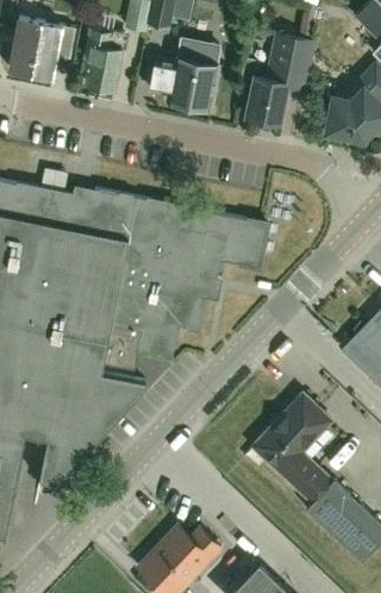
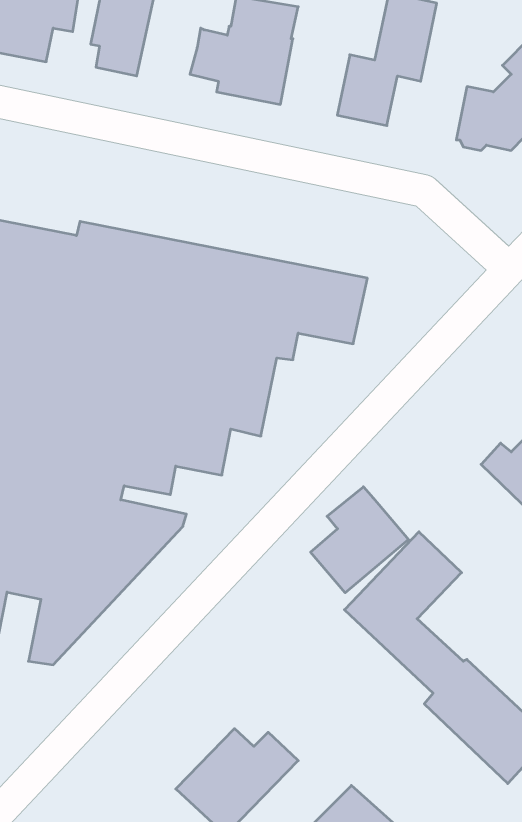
building: none -> [311,487,409,593]

